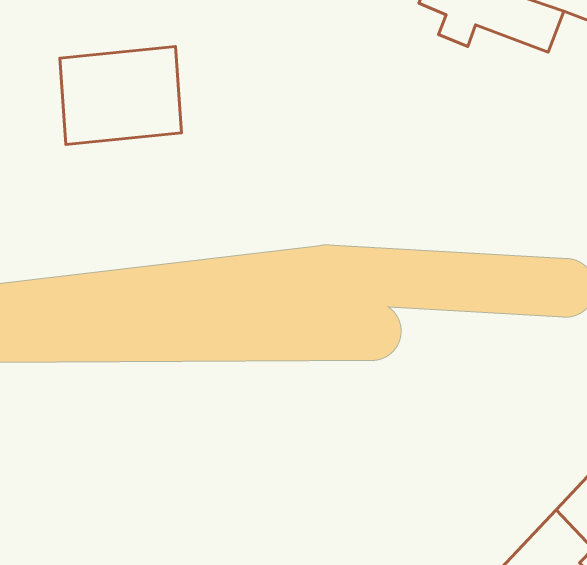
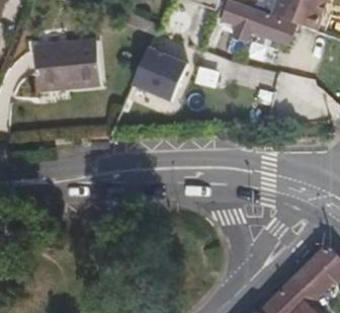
building: none -> [144,51,199,103]

